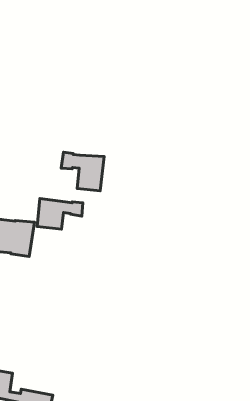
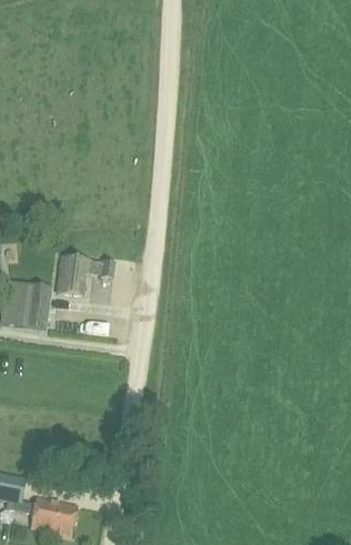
building: [61,152,104,191] -> none

